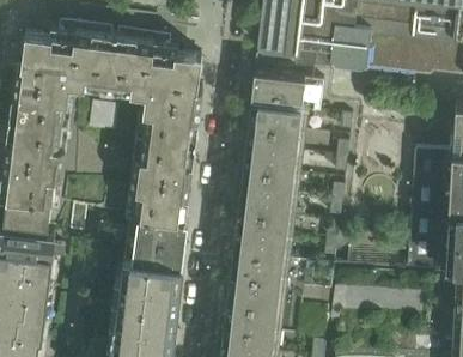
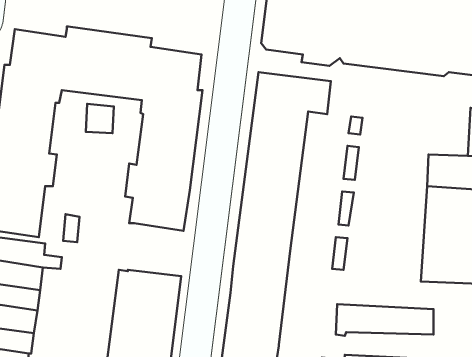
building: [133,213,189,264] -> none

